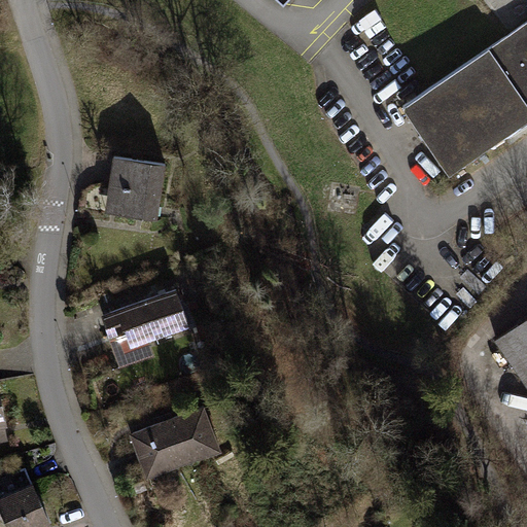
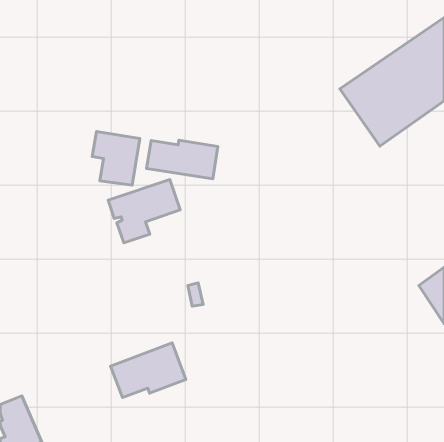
building: none -> [146,140,218,179]
building: [103,292,188,367] -> [108,179,180,243]

